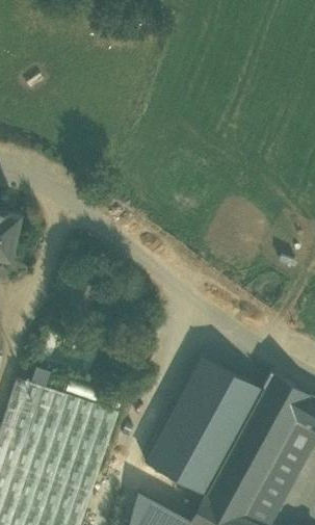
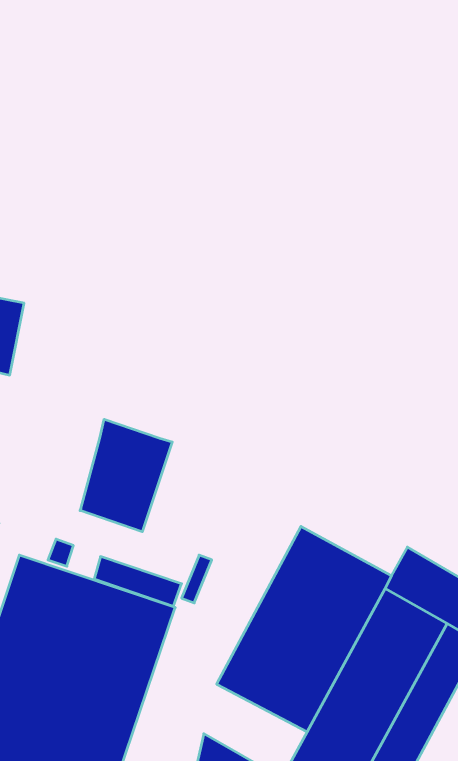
building: none -> [80,419,172,532]

